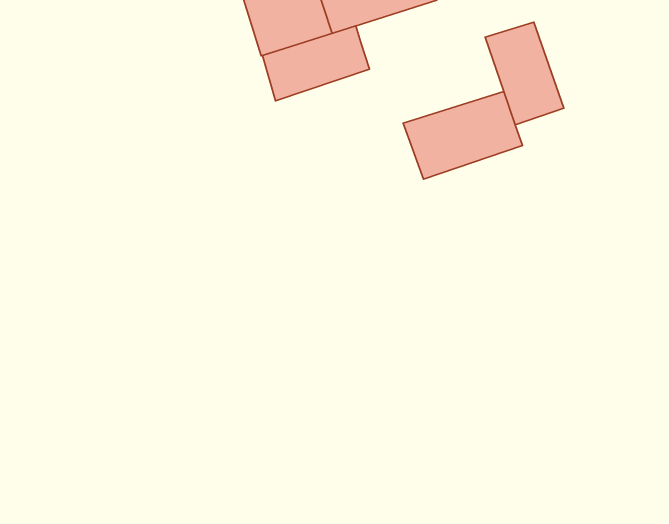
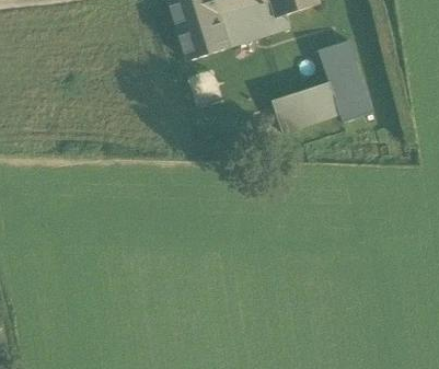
building: [262,26,369,101] -> none
building: none -> [336,91,371,120]

